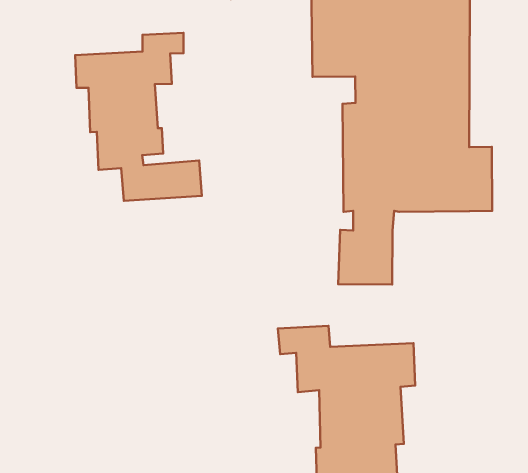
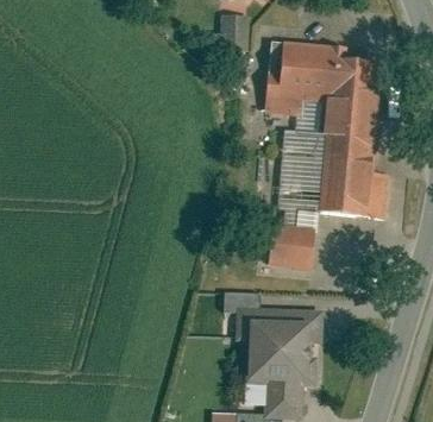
building: [75,33,202,201] -> none

